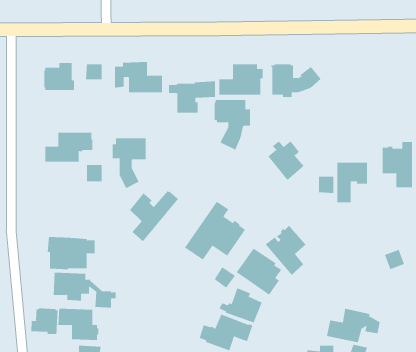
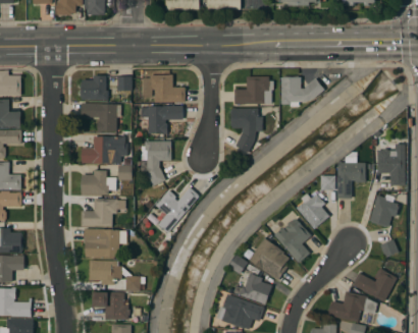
building: [168,81,216,113] -> [140,105,181,133]
building: none -> [81,103,120,131]
building: [268,140,305,181] -> [297,193,329,229]
building: none -> [81,170,115,195]
building: none -> [369,195,399,227]
building: [184,201,246,261] -> none
building: none -> [81,199,124,226]
building: none -> [352,268,397,301]
building: [31,308,58,335] -> none

